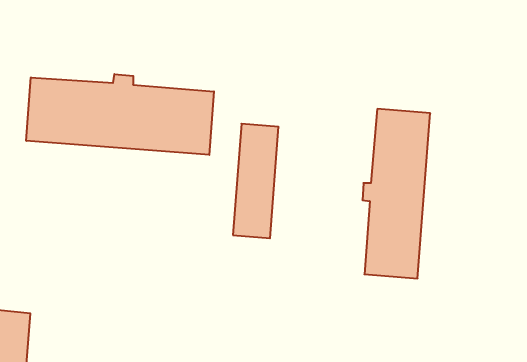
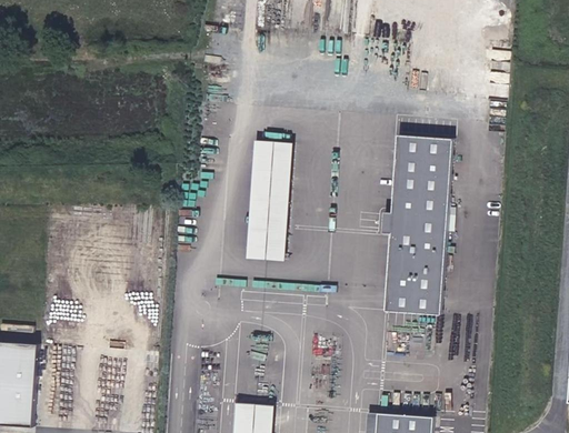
building: [26,74,214,155] -> none

